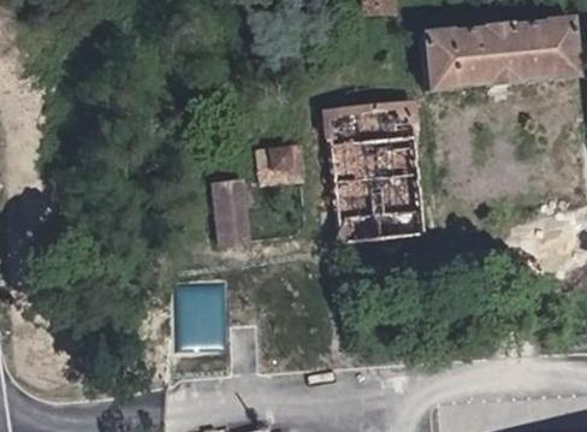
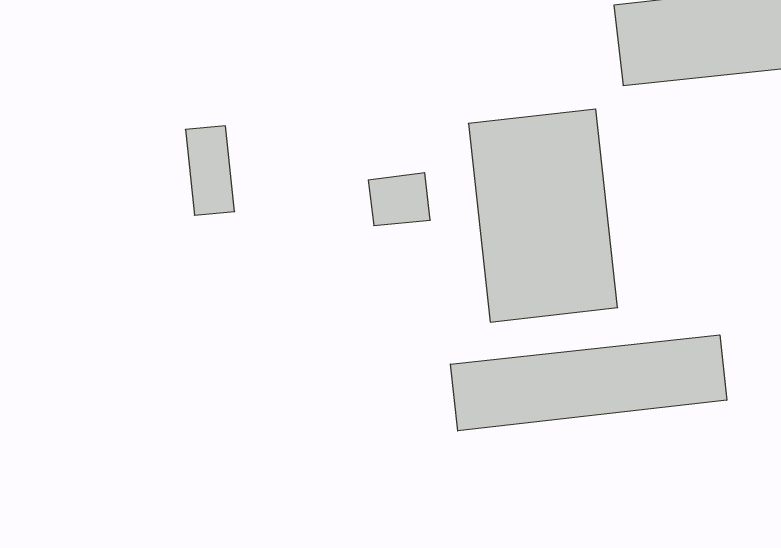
building: [217,181,249,239] -> [185,126,235,215]
building: none -> [450,335,727,431]

